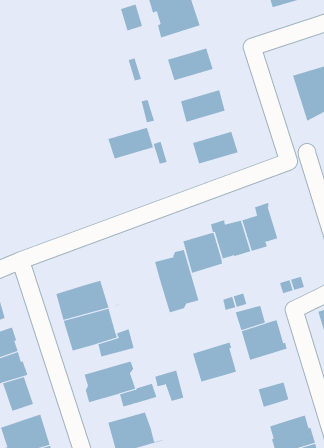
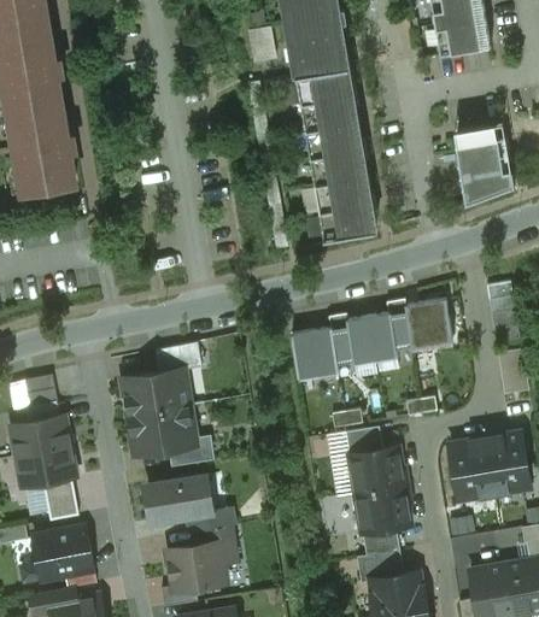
building: none -> [295,66,352,104]
building: none -> [305,123,362,158]
building: [108,127,154,159] -> [314,177,370,212]
building: none -> [404,299,452,347]
building: [155,249,199,313] -> none
building: none -> [154,342,201,374]
building: [192,342,237,382] -> [356,486,409,531]
building: [155,370,184,401] -> [205,525,239,564]
building: none -> [356,550,403,582]

